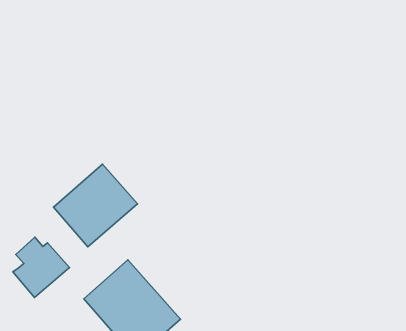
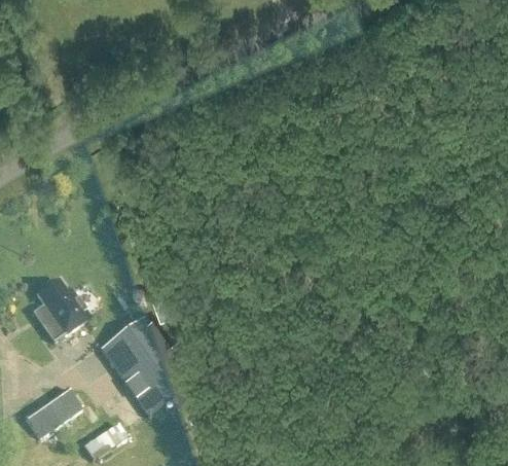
building: [54,164,138,247] -> none

